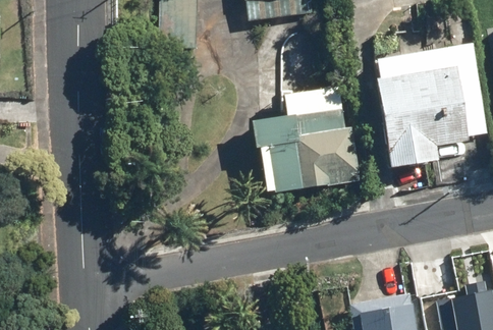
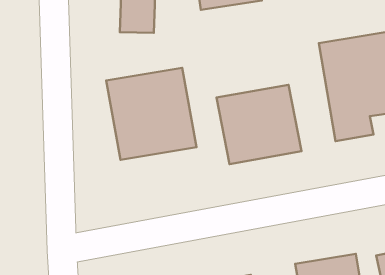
building: none -> [106,68,196,160]

